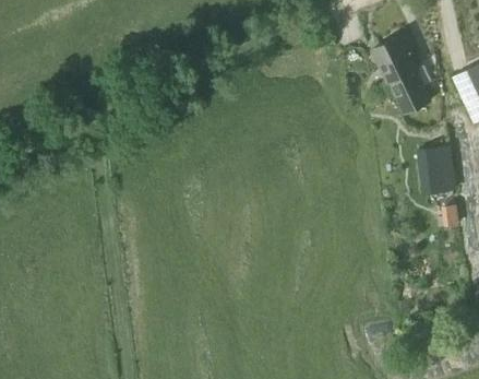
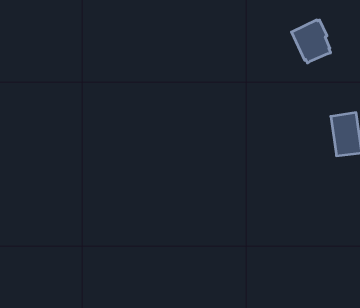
building: [392,74,432,114] -> none

